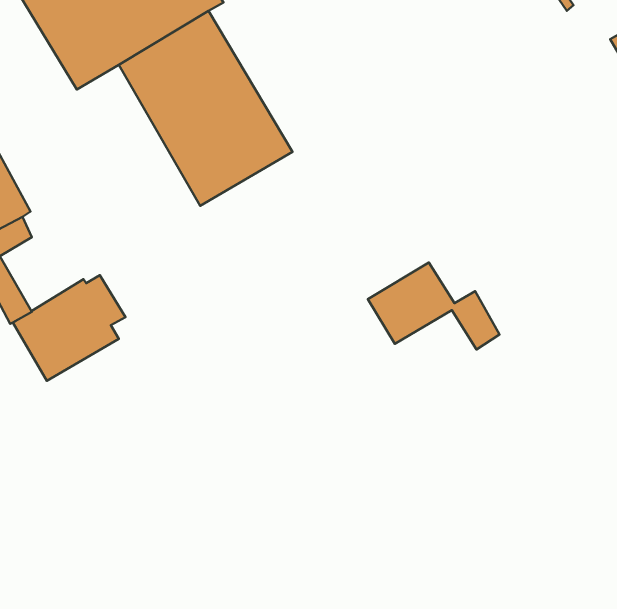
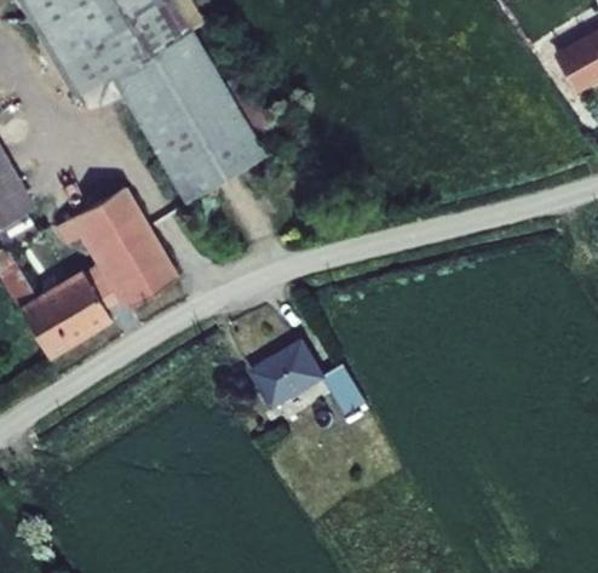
building: none -> [56,184,180,309]
building: [368,263,499,349] -> [249,338,367,416]

